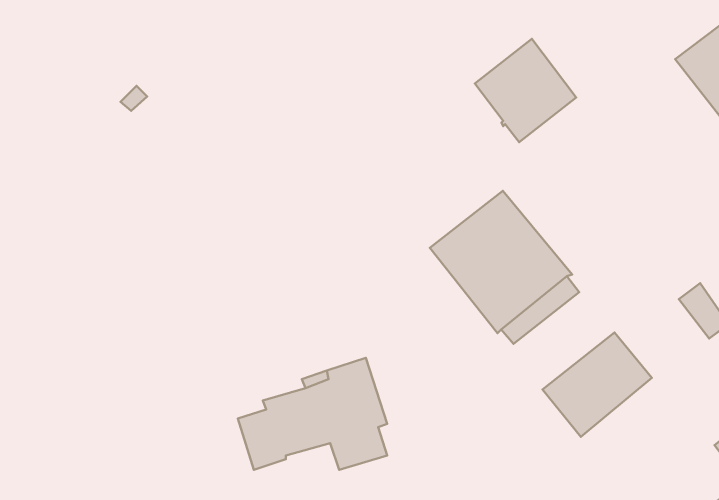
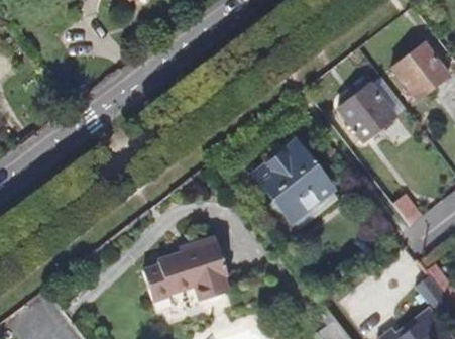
building: [475,39,576,142] -> [338,83,395,141]
building: [543,332,652,437] -> none

